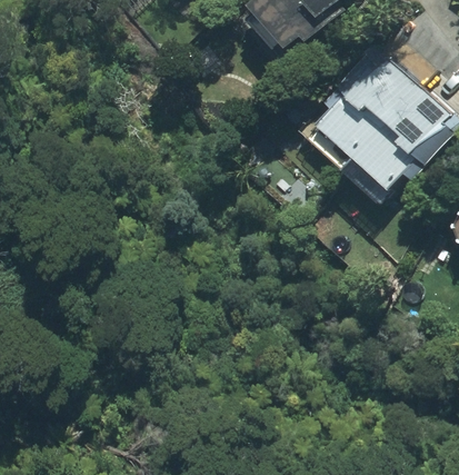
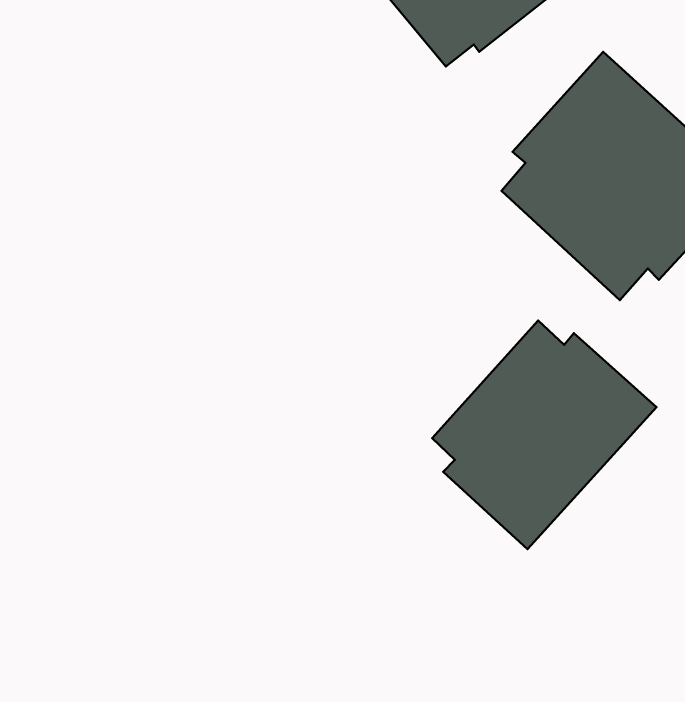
building: none -> [432,321,657,549]

